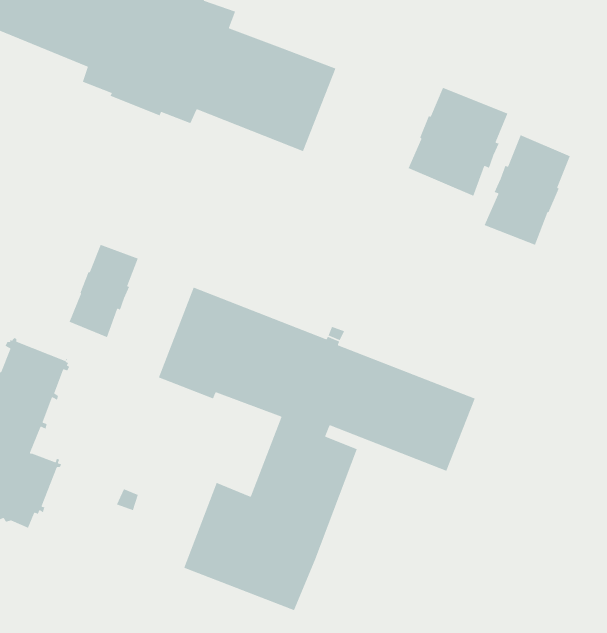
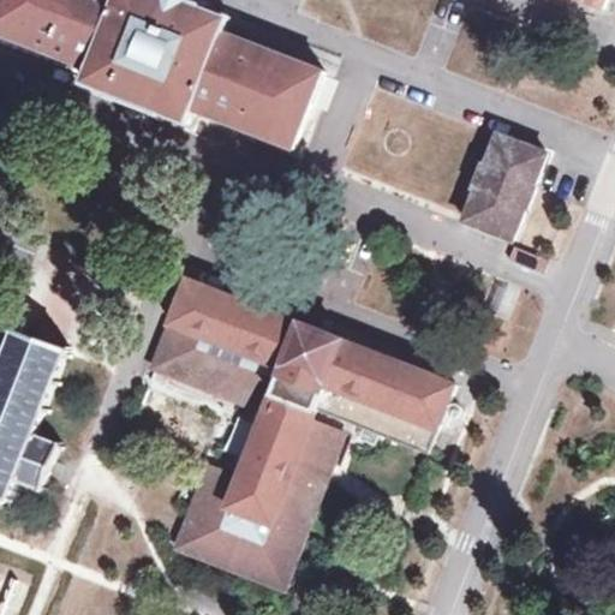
building: [407,87,509,197] -> none
building: [69,244,139,338] -> none

